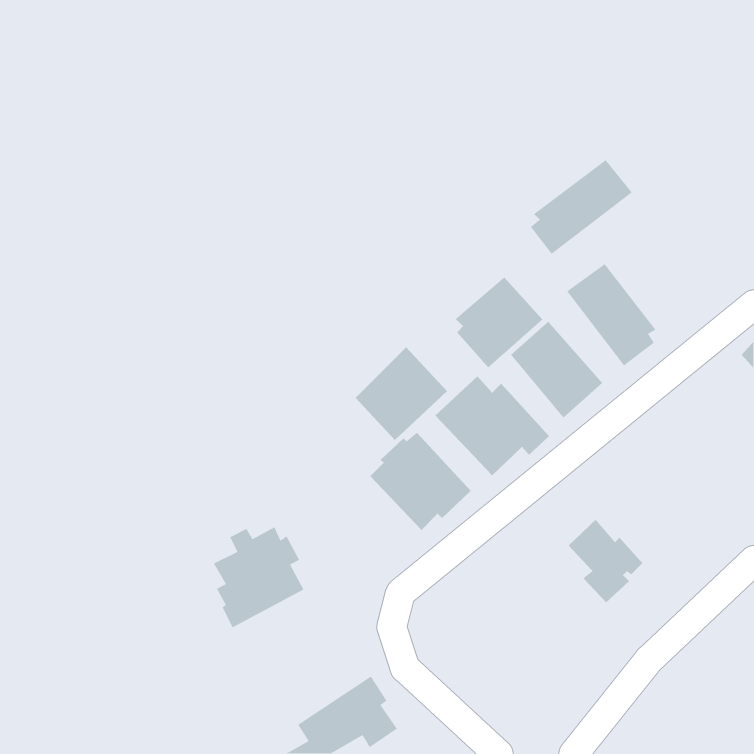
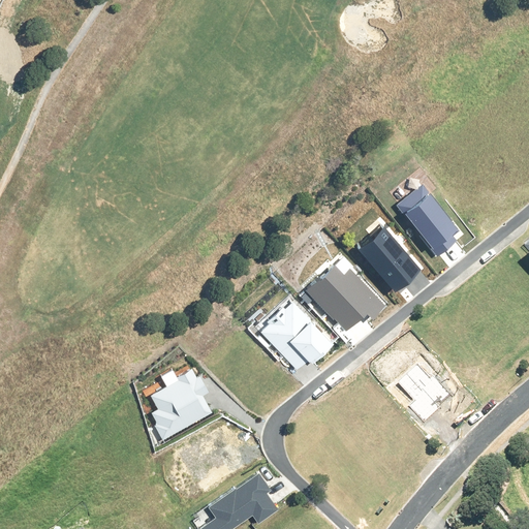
building: [530,159,633,255] -> none
building: [455,276,543,368] -> none
building: [355,346,448,441] -> none

